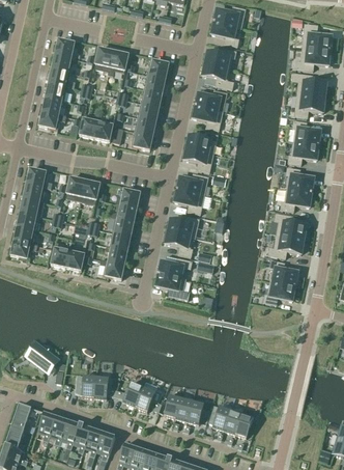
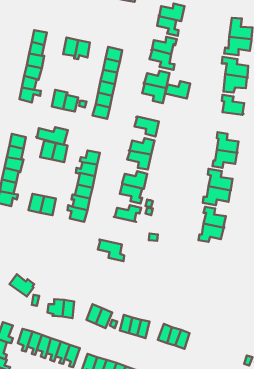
building: [187,131,218,153] -> [165,81,190,98]
building: [288,141,318,163] -> none
building: none -> [36,127,68,145]
building: [155,272,189,299] -> [98,240,124,261]

